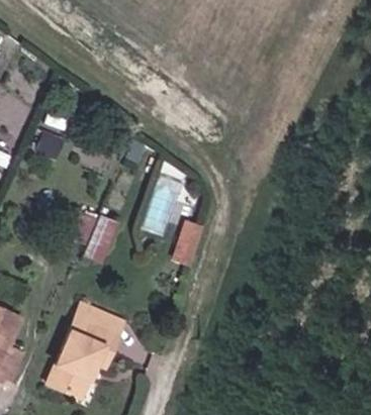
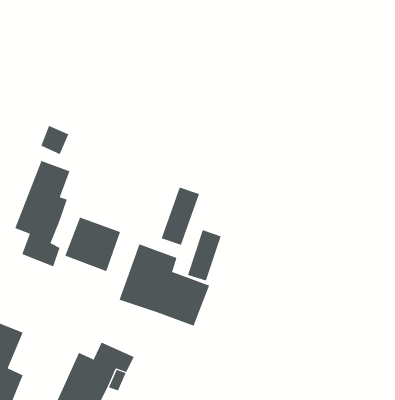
building: none -> [15,160,70,267]
building: none -> [119,243,210,326]

